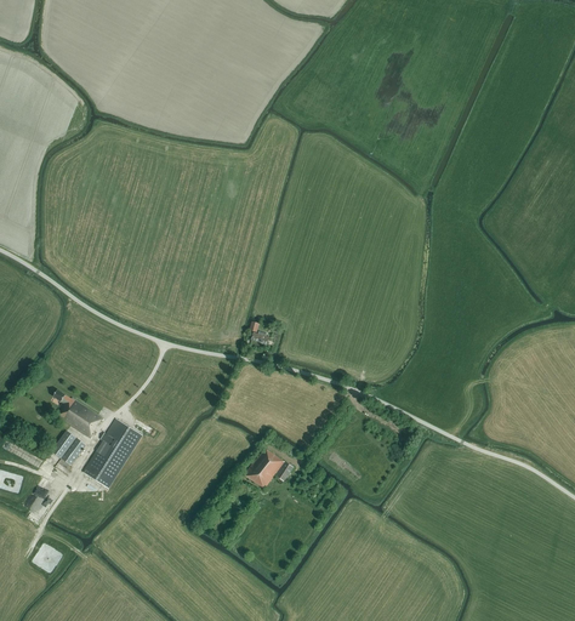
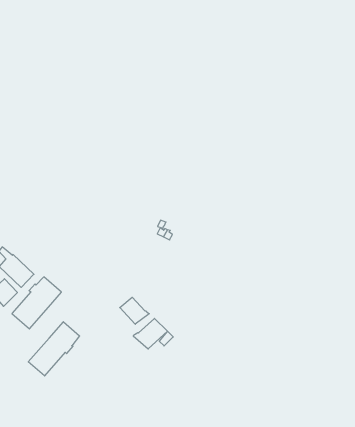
building: none -> [120,297,149,324]
building: none -> [28,322,80,376]

